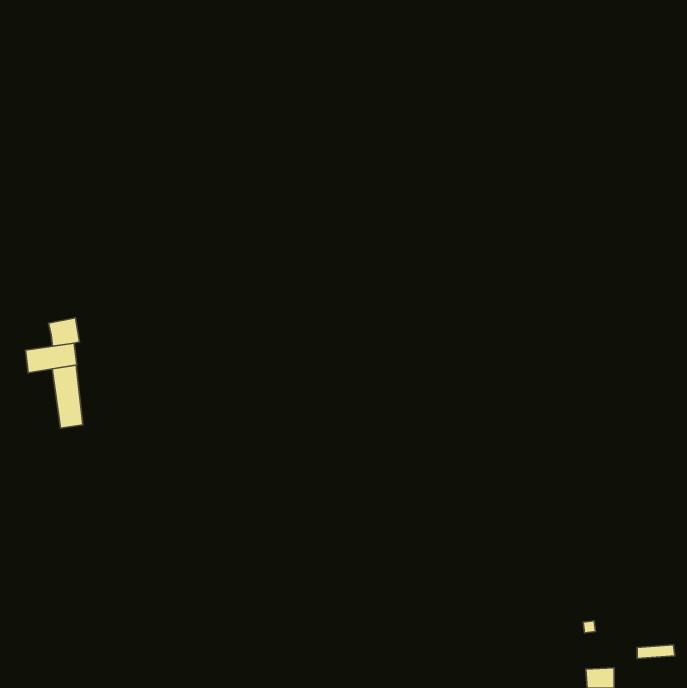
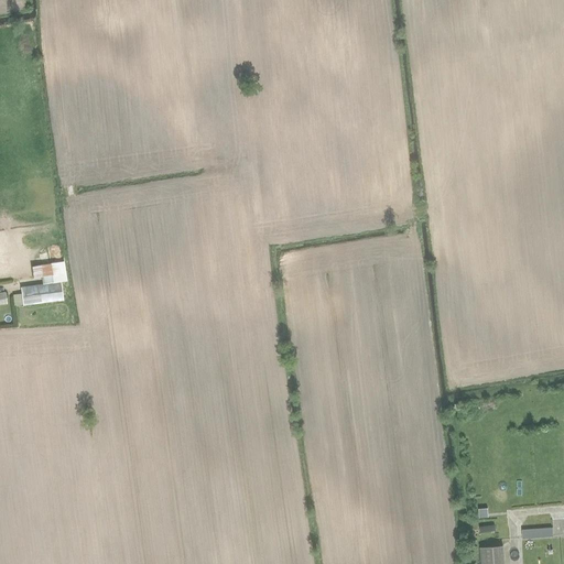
building: [52,365,83,428] -> none

